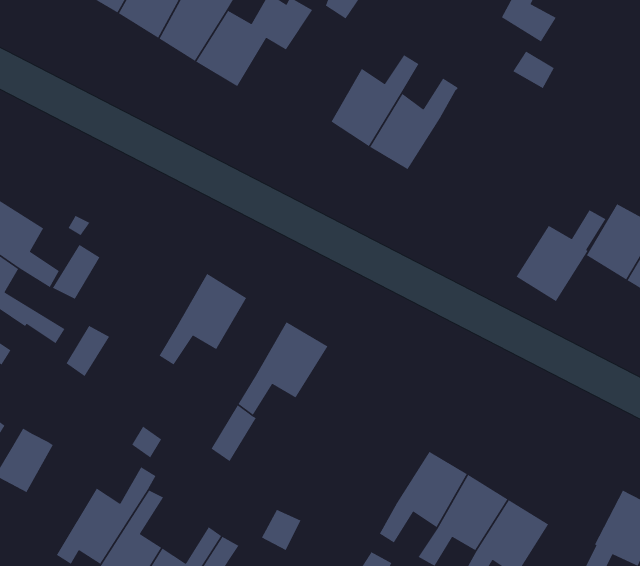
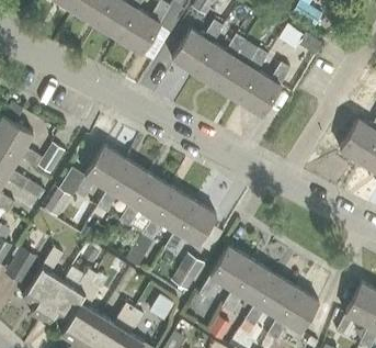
building: none -> [172,21,224,74]
building: [516,209,606,302] -> [239,63,290,115]
building: none -> [75,146,125,199]
building: none -> [119,173,170,226]
building: none -> [164,201,216,254]
building: none -> [200,246,251,299]
building: none -> [22,247,62,319]
building: none -> [171,255,204,291]

